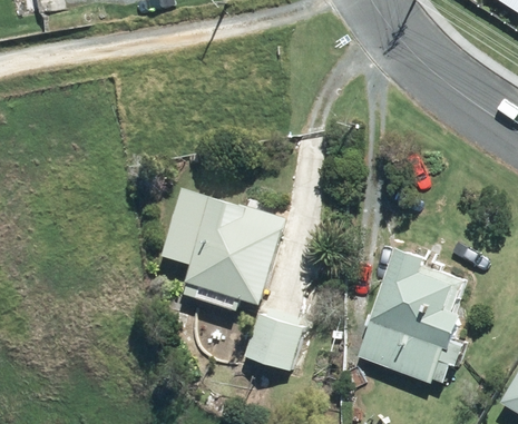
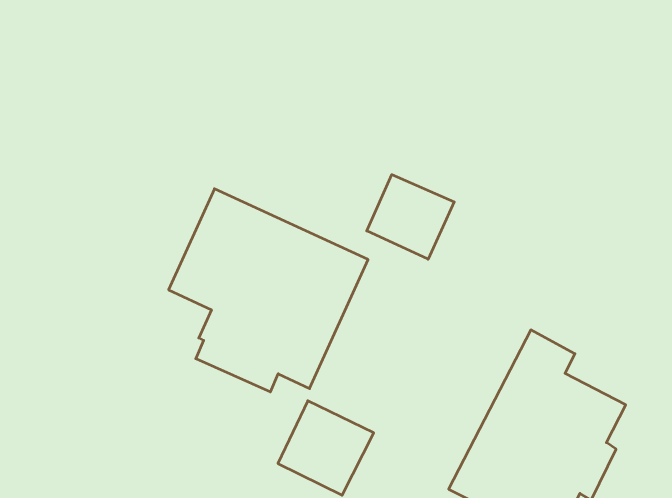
building: none -> [367,175,454,259]

